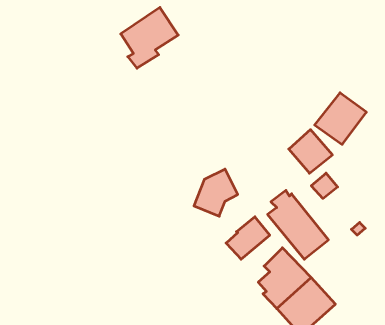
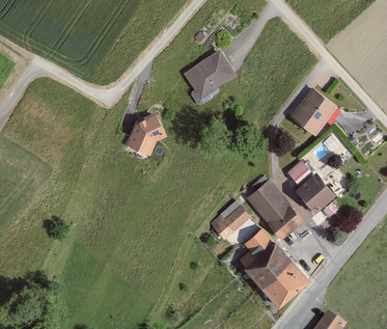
building: [121,7,178,68] -> [185,50,237,105]
building: [289,130,332,173] -> [297,172,336,212]
building: [194,169,238,216] -> [127,112,166,155]

